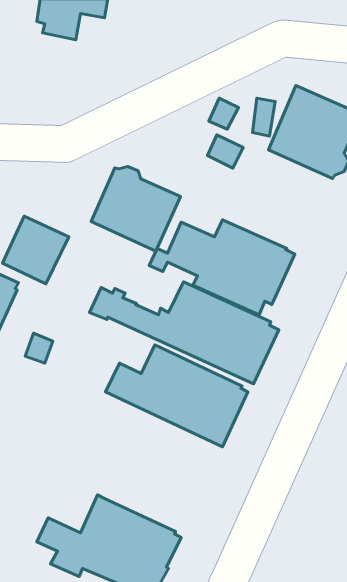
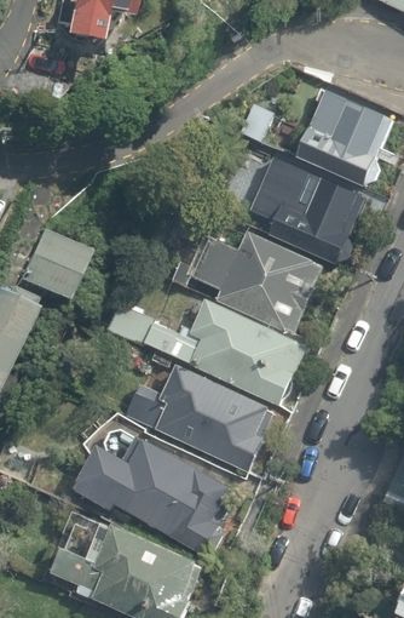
building: none -> [252,159,359,267]
building: [91,166,180,251] -> none
building: none -> [73,439,236,556]

